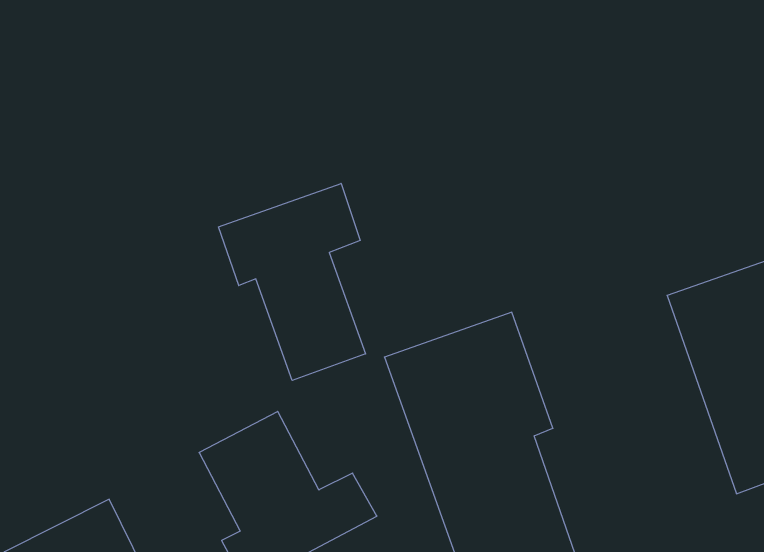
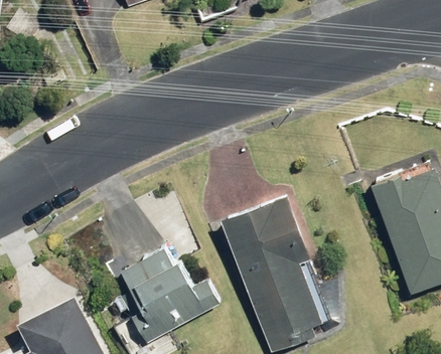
building: [218,183,366,380] -> none

